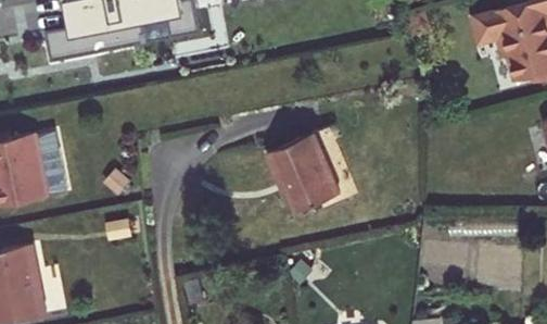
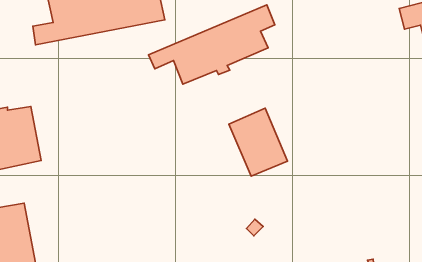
building: none -> [148,5,275,84]

